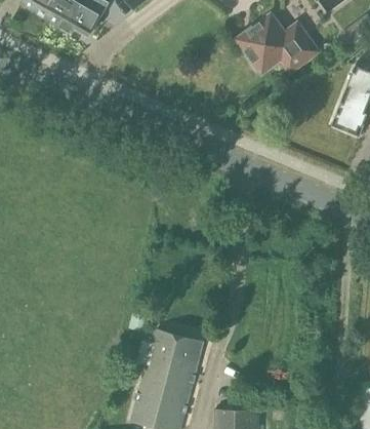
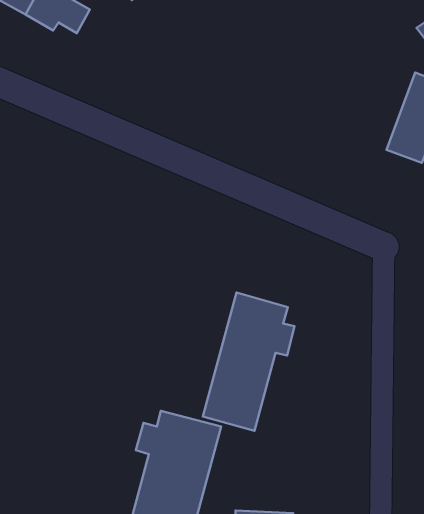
building: [242,13,318,75] -> none
building: none -> [203,293,295,431]

